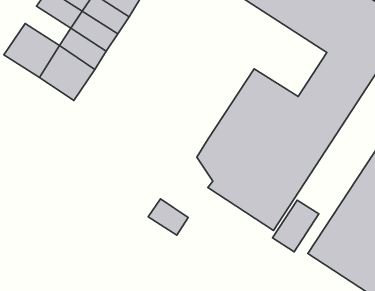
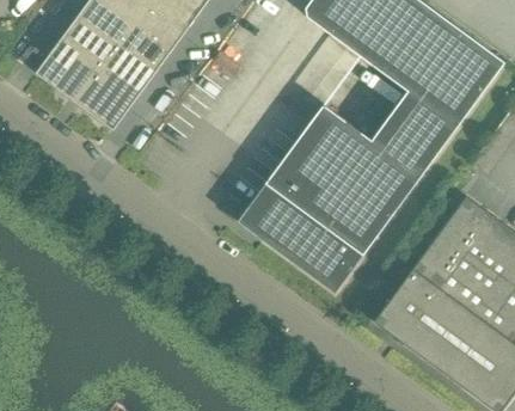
building: none -> [61,19,114,66]
building: [148,199,188,235] -> none
building: [273,200,319,252] -> none

